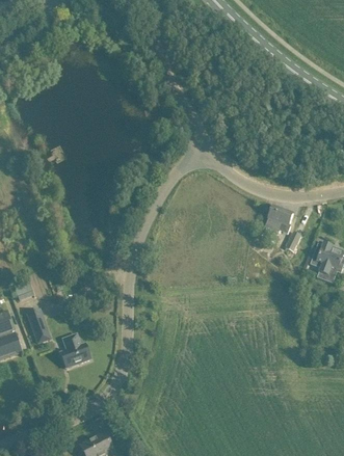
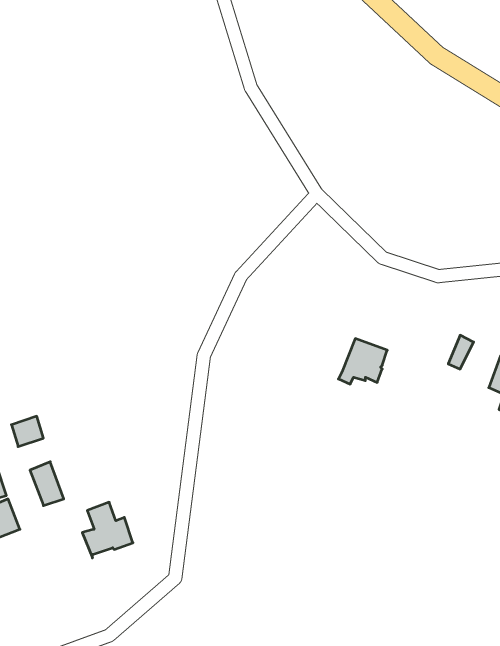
building: [262,205,292,233] -> [338,339,387,384]

